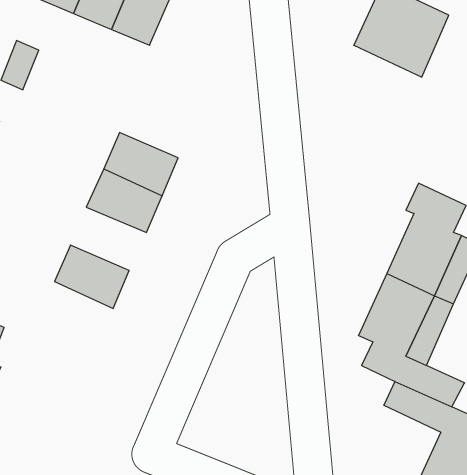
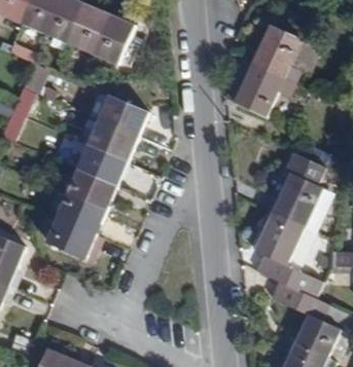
building: none -> [234,64,295,116]
building: none -> [99,96,147,137]
building: none -> [67,169,116,210]
building: none -> [46,217,95,259]

